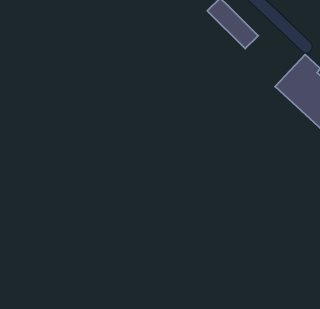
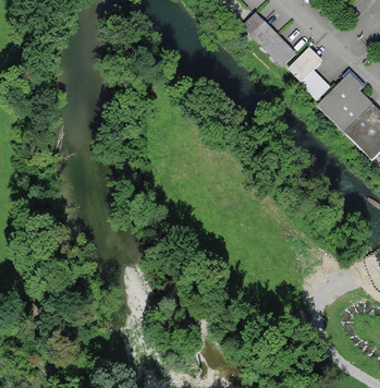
building: none -> [285,53,328,95]

